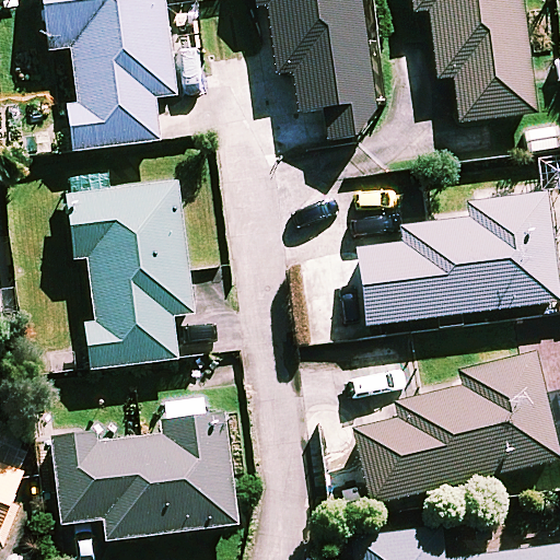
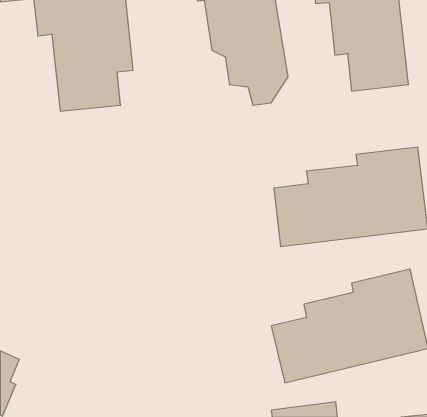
building: [65,167,192,365] -> none
building: [54,413,236,536] -> none

